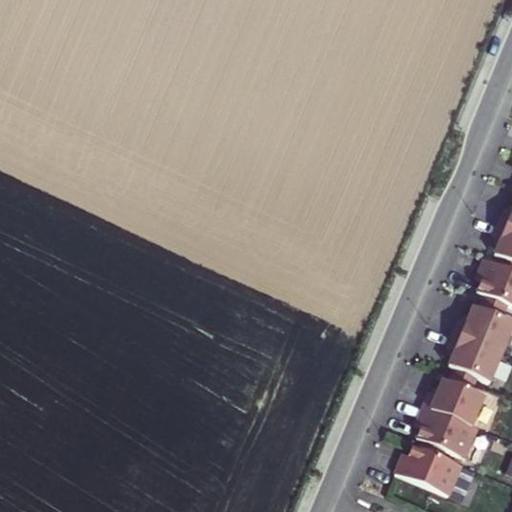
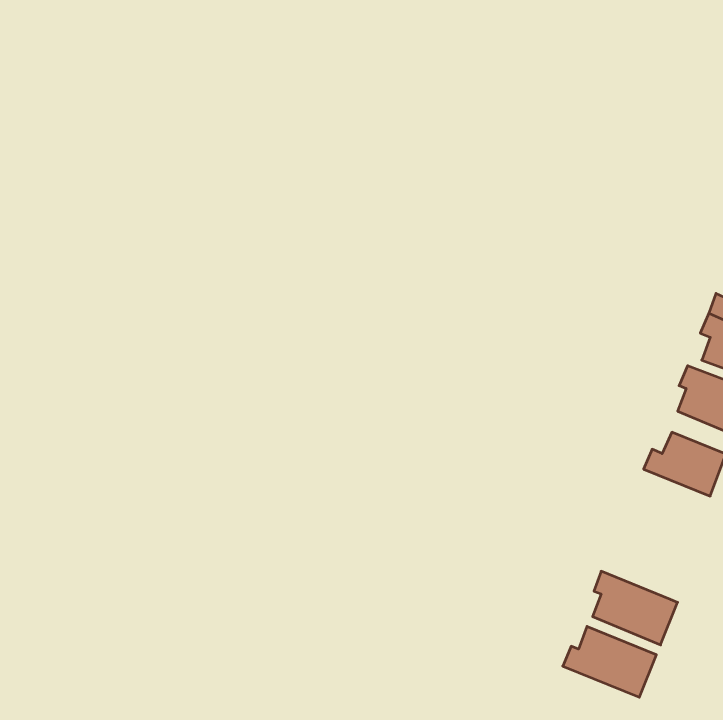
building: [449,331,502,380] -> none
building: [425,377,486,423] -> none

